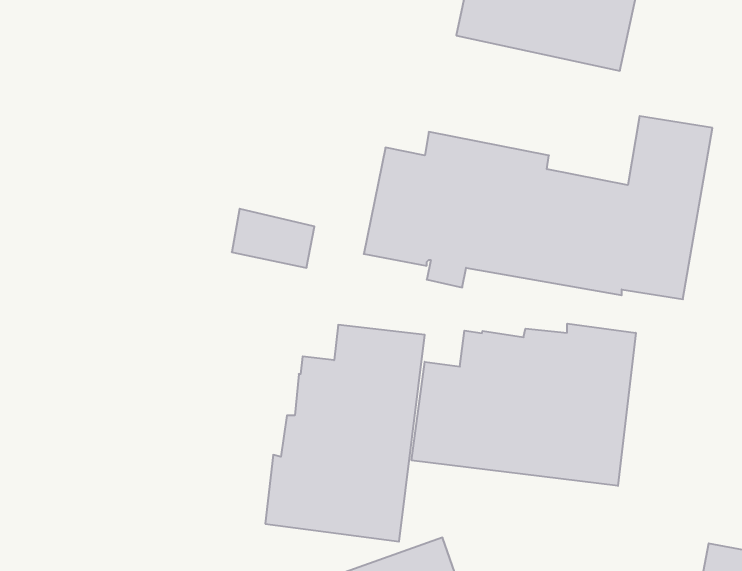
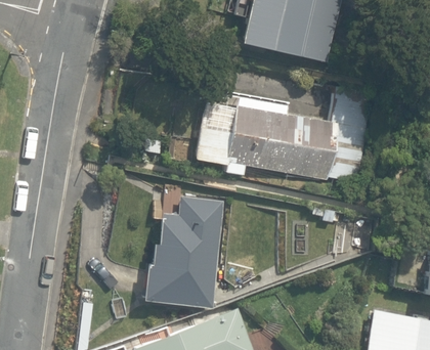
building: [412,324,636,486] -> none

